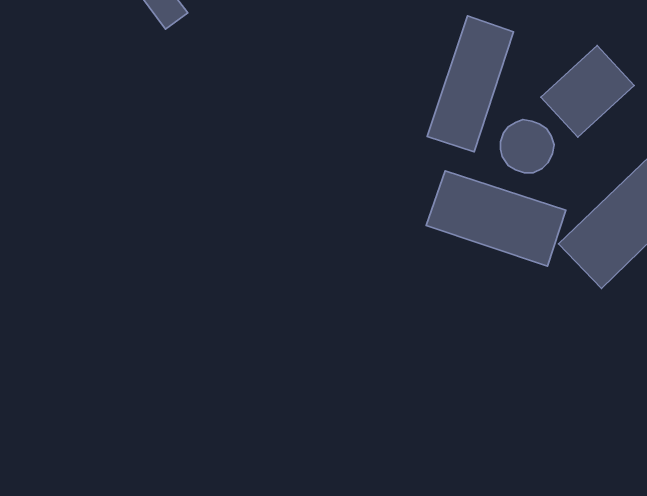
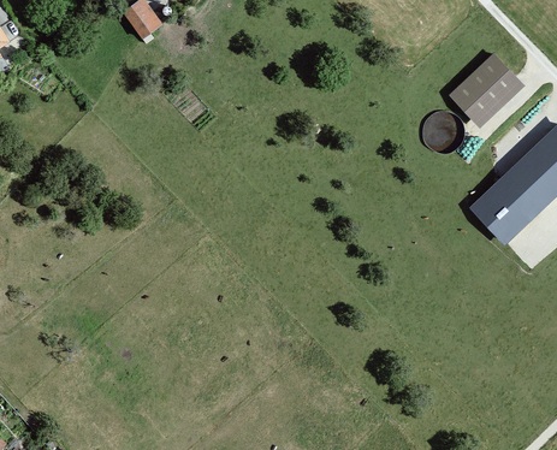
building: [427,16,514,152] -> none
building: [426,171,566,266] -> none

